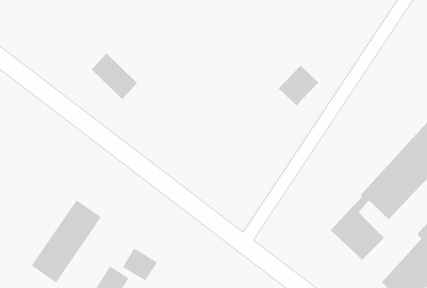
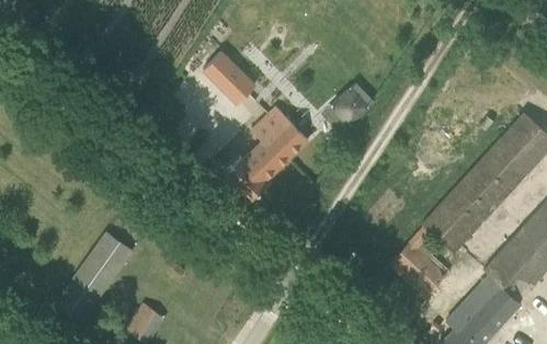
building: [91,53,138,100] -> [202,51,254,104]
building: none -> [221,107,306,202]
building: [122,247,158,281] -> none

